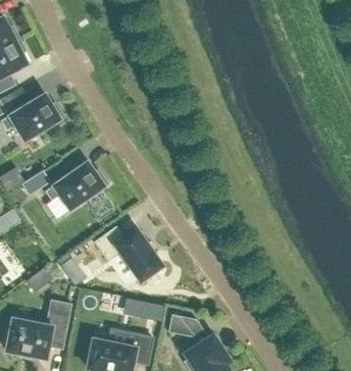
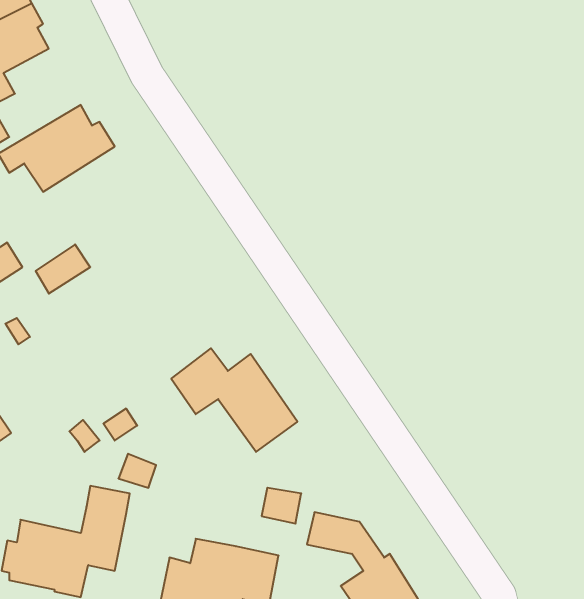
building: [45,162,107,210] -> none

